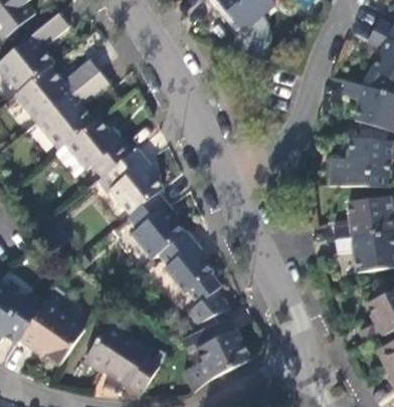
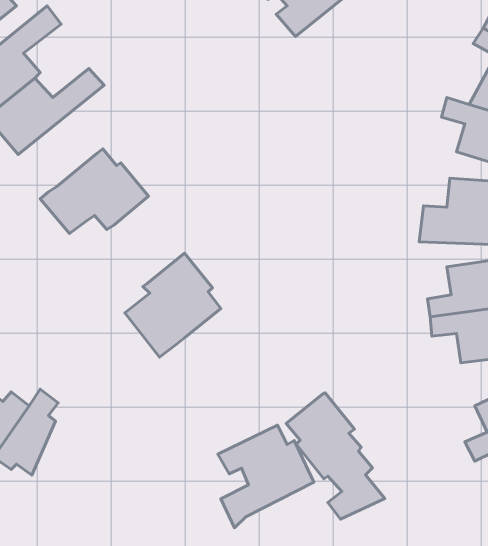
building: [36,71,109,149] -> none
building: [106,148,162,215] -> none
building: [157,232,228,324] -> [286,393,385,519]
building: [46,315,83,363] -> none
building: [84,325,160,393] -> none

